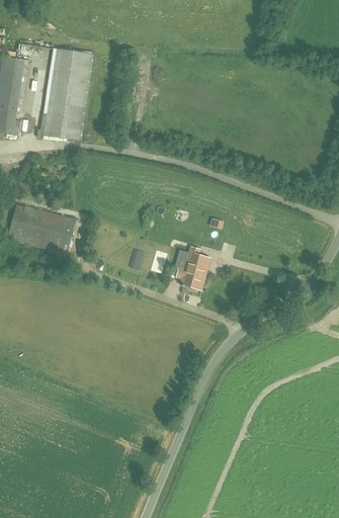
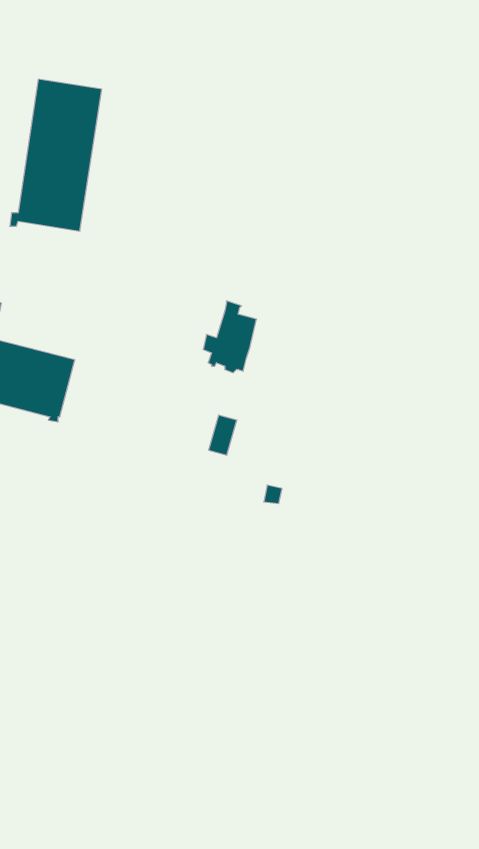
building: [176,247,208,290] -> [203,301,257,373]

